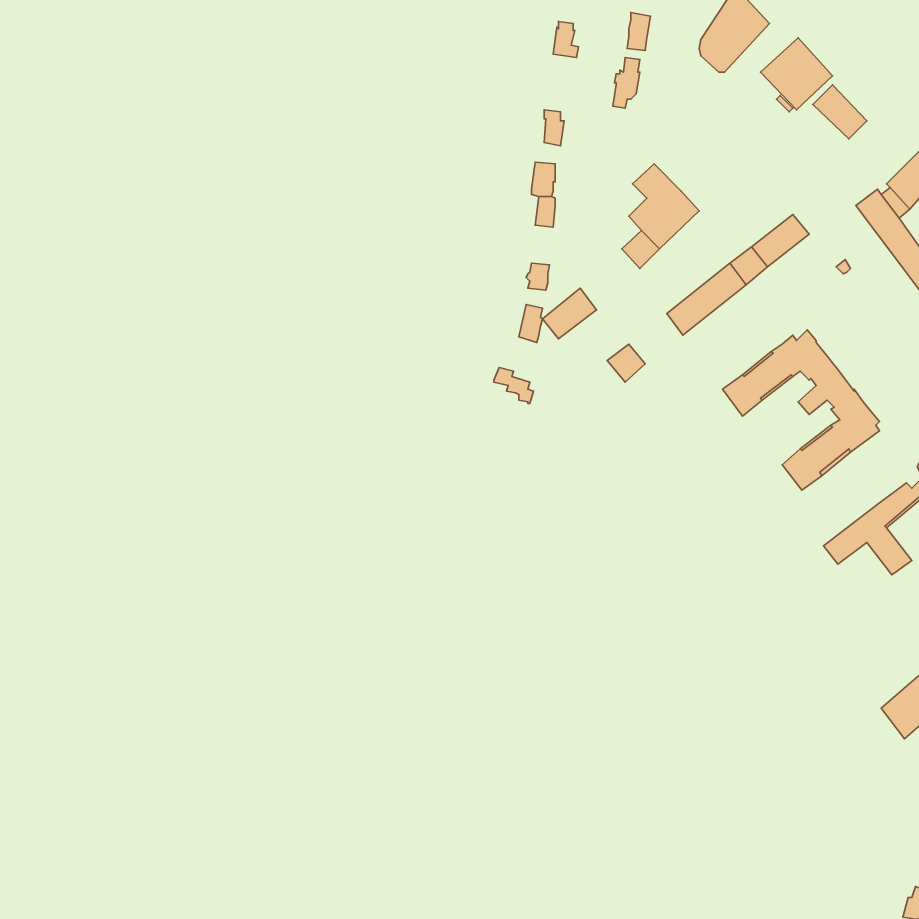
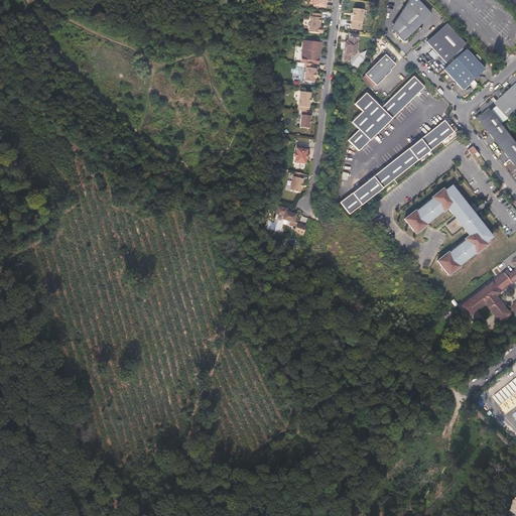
building: none -> [301,39,322,63]
building: none -> [366,53,396,85]
building: none -> [444,58,476,89]
building: none -> [382,76,424,118]
building: [542,288,596,339] -> [353,175,383,204]

